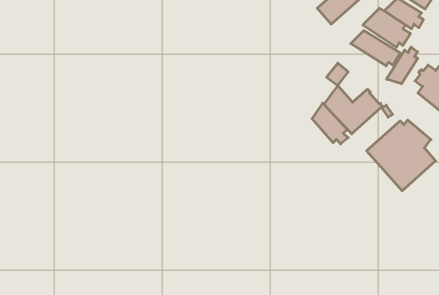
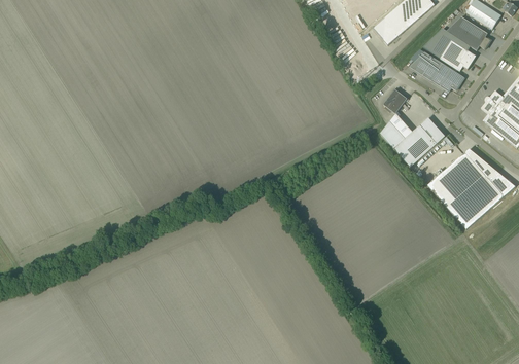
building: [387,47,418,84] -> none
building: [312,103,348,144] -> none

